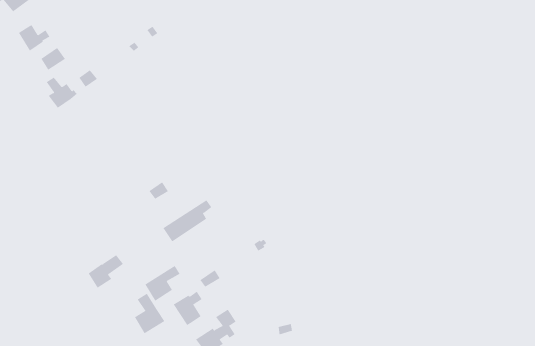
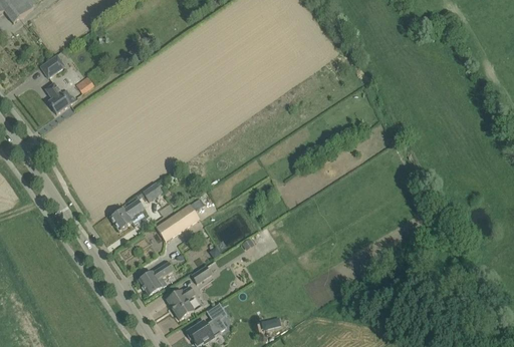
building: [18,24,50,51] -> none
building: [88,254,124,288] -> [109,199,144,231]
building: [134,293,165,334] -> none

